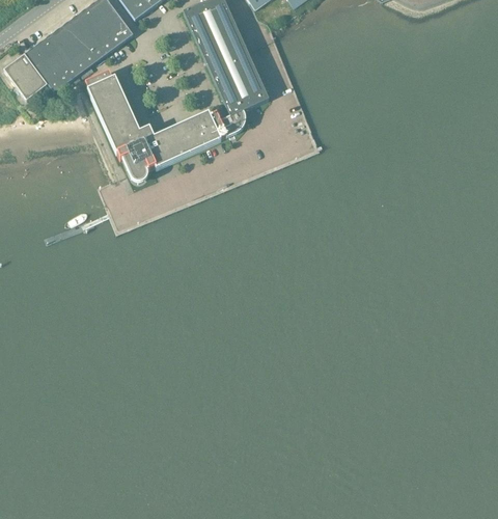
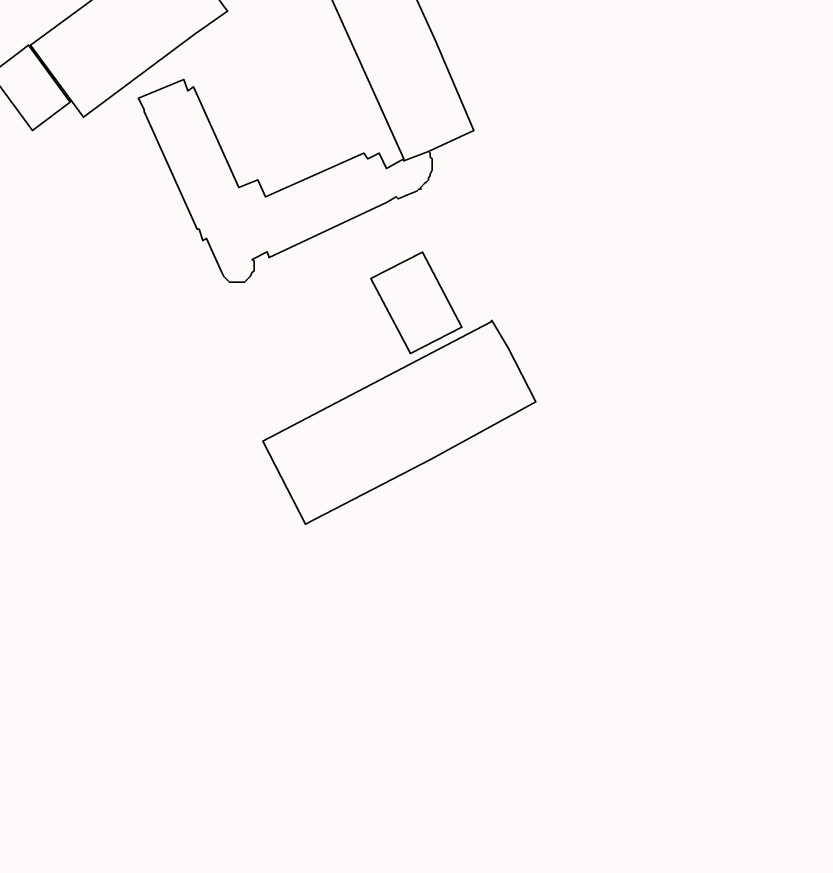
building: none -> [371,252,462,354]
building: none -> [263,320,536,524]

